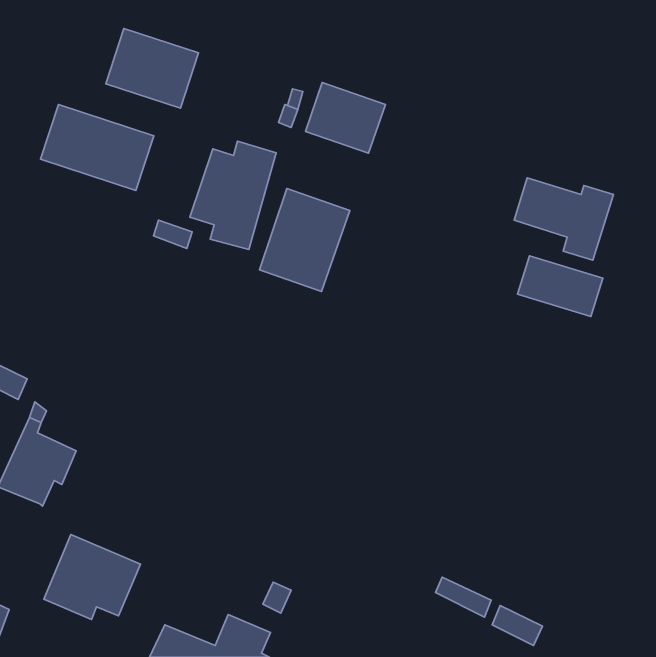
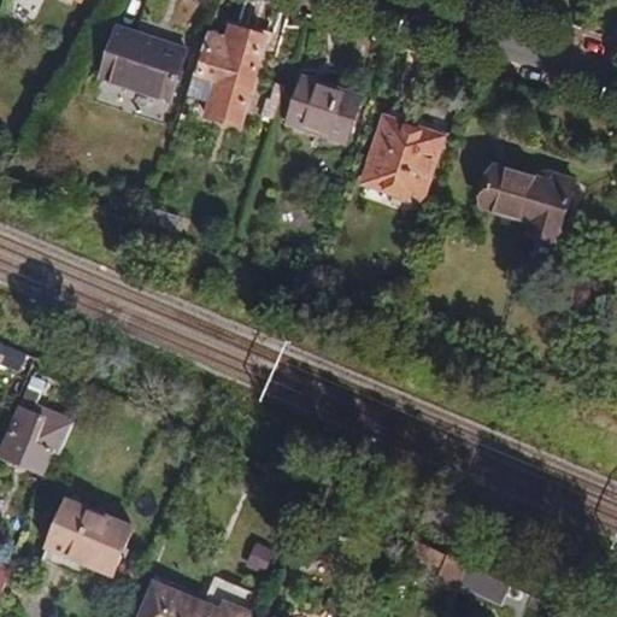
building: [41,105,154,190] -> none
building: [190,141,276,249] -> [184,25,265,127]
building: [260,189,350,292] -> [362,107,446,204]
building: [518,256,603,317] -> none

